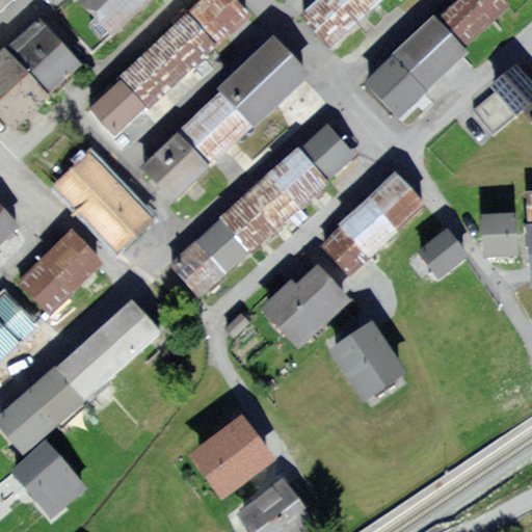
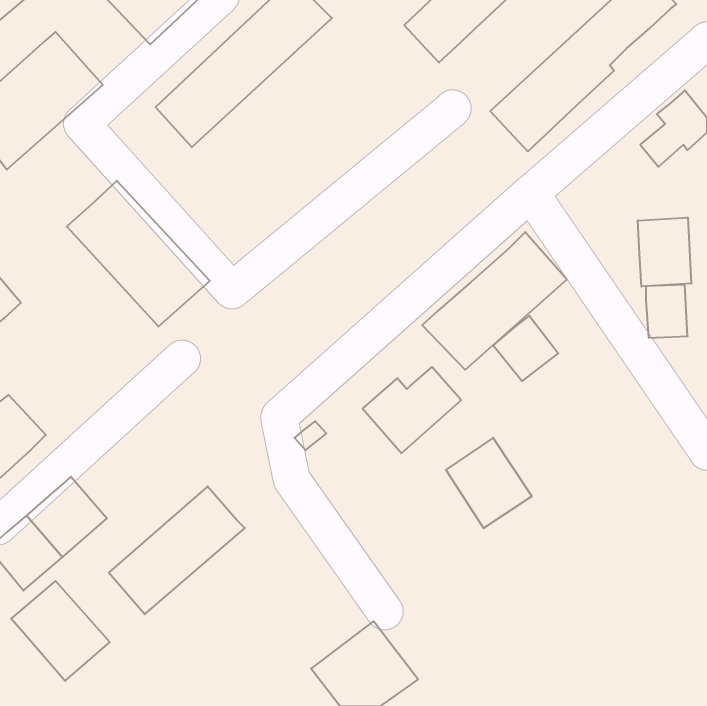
building: [140,43,308,201] -> none
building: [81,77,139,135] -> none
building: [170,133,345,295] -> none
building: none -> [638,217,691,287]
building: [416,227,464,275] -> [493,316,558,381]
building: [19,232,100,312] -> none
building: [53,292,155,388] -> [109,486,245,614]
building: [196,423,266,490] -> none

